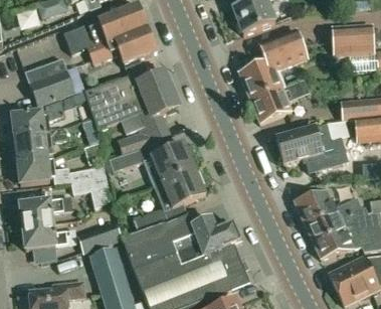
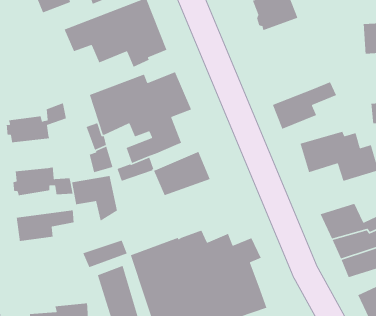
building: [239,29,307,101] -> none
building: [24,57,83,106] -> none
building: [12,127,67,161] -> none
building: [134,169,205,231] -> none
building: [21,221,75,249] -> none

